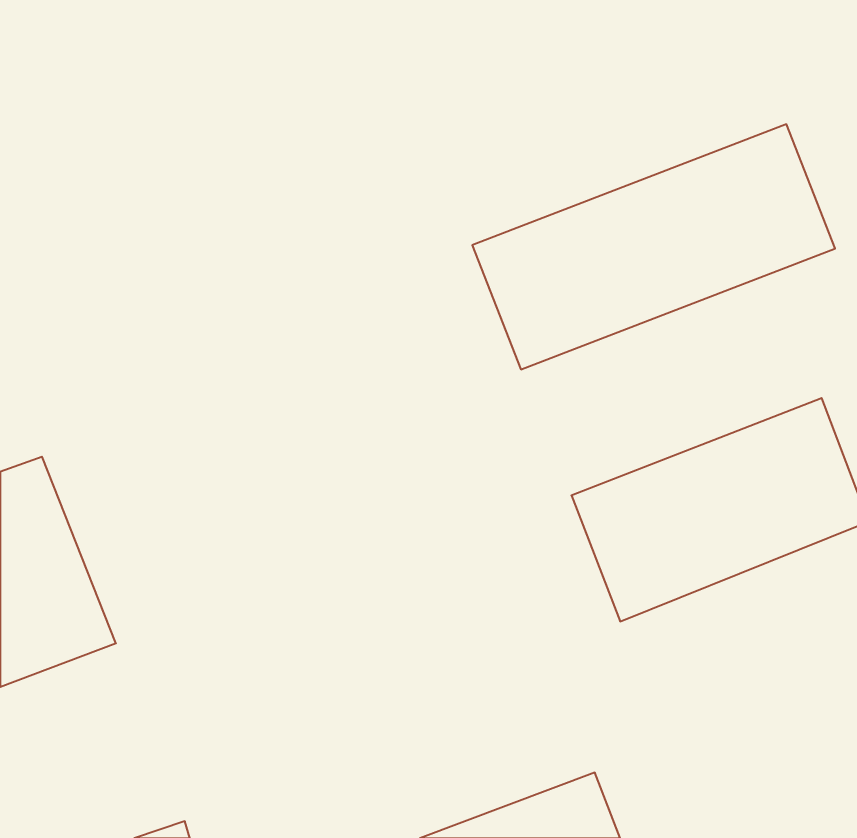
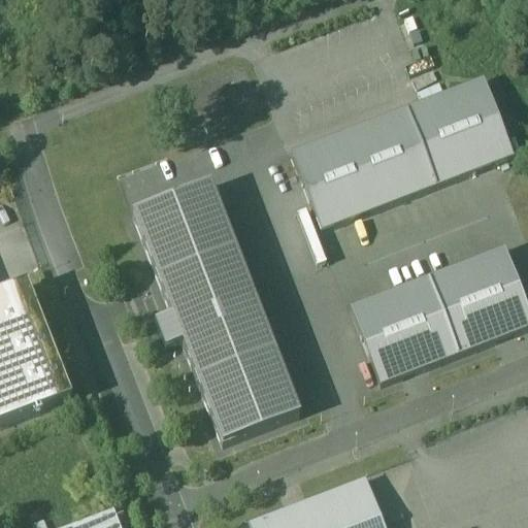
building: none -> [133,182,300,441]

